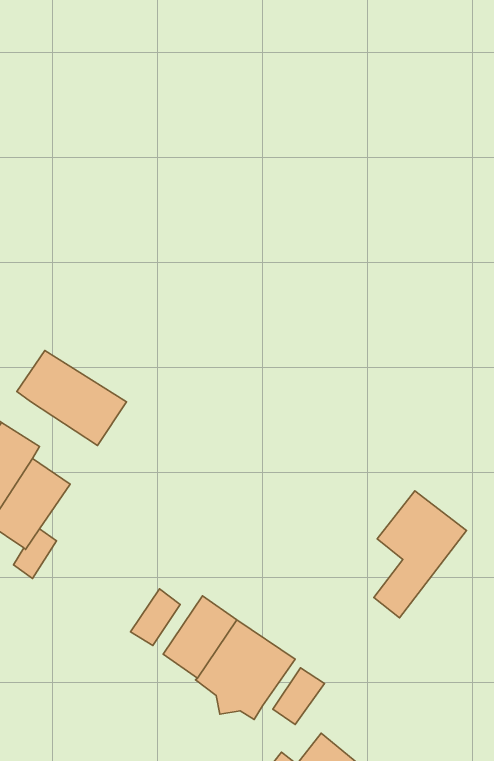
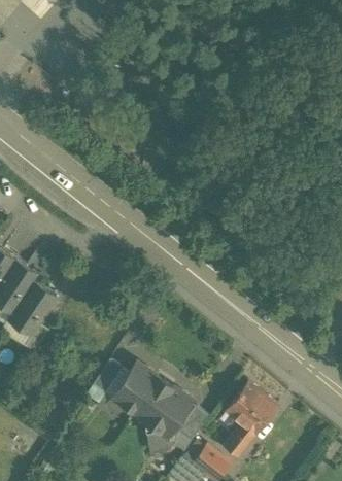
building: [17,350,126,446] -> none
building: [374,491,466,618] -> [224,381,279,457]
building: none -> [147,428,193,453]

